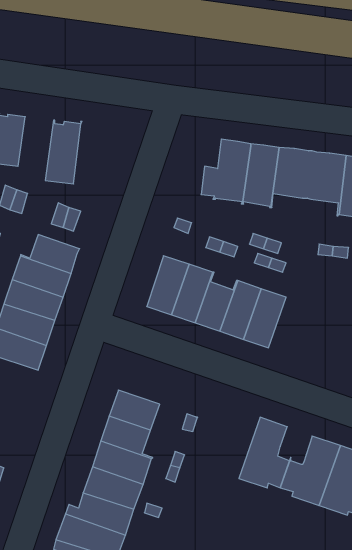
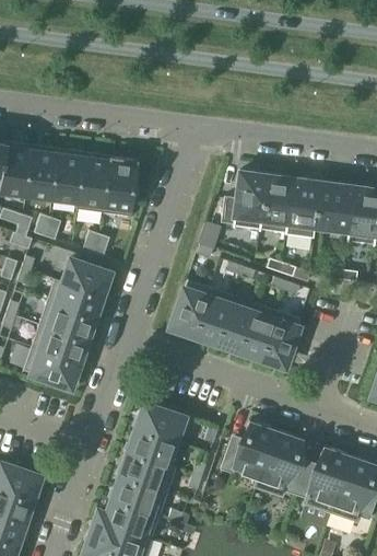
building: none -> [51,150,84,209]
building: none -> [103,154,138,216]
building: none -> [220,420,275,486]

